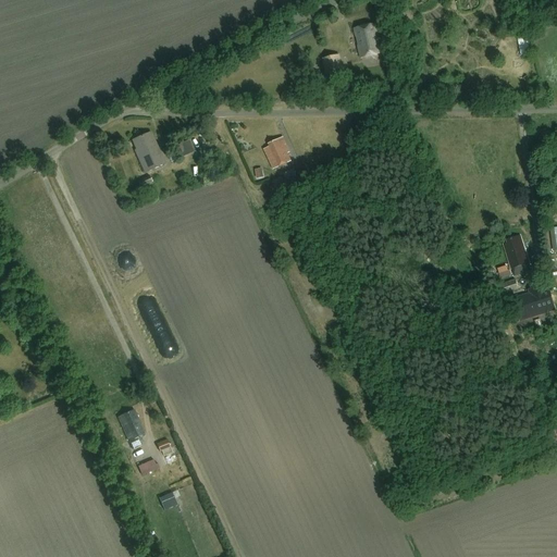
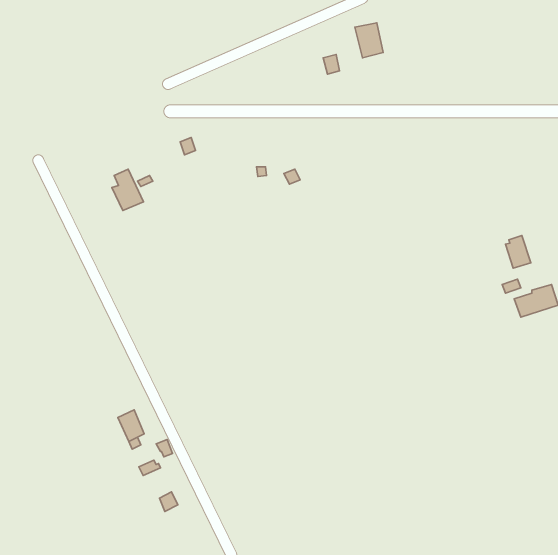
building: [134,131,165,172] -> [112,169,144,211]
building: [263,136,290,169] -> none

